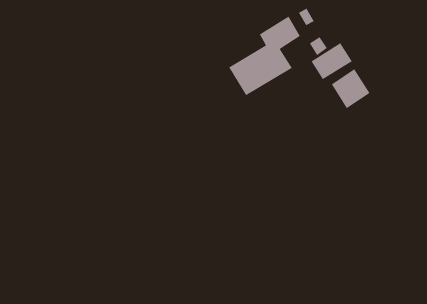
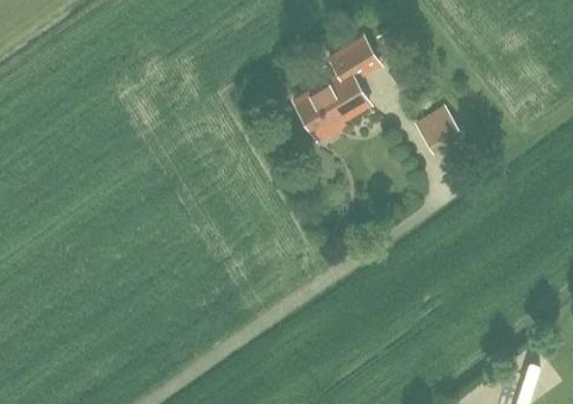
building: [310,42,353,80] -> none

